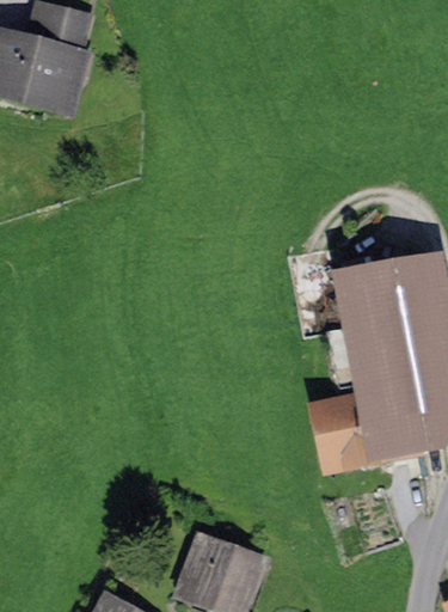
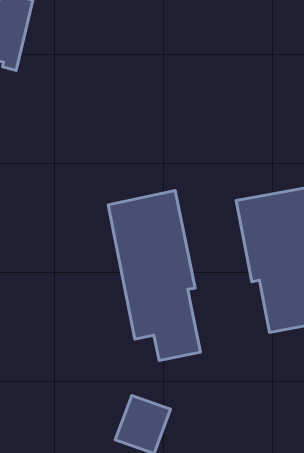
building: none -> [108,191,200,360]
building: [323,397,388,463] -> none

